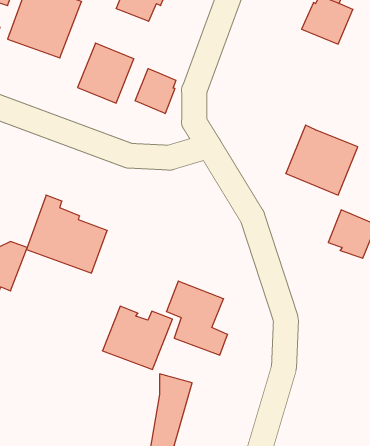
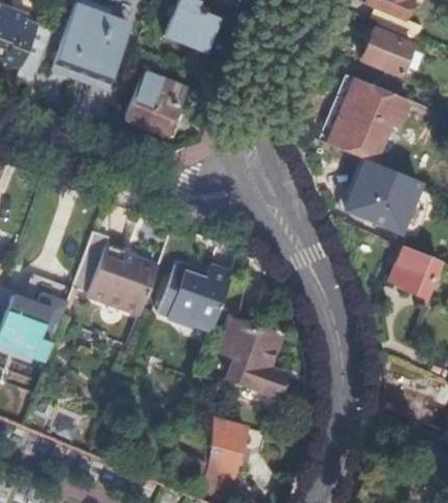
building: none -> [327,77,403,164]
building: [135,69,176,114] -> none
building: [102,306,172,369] -> [159,265,232,332]

